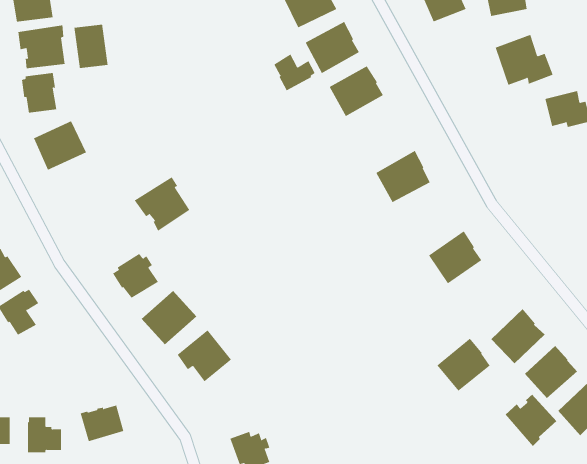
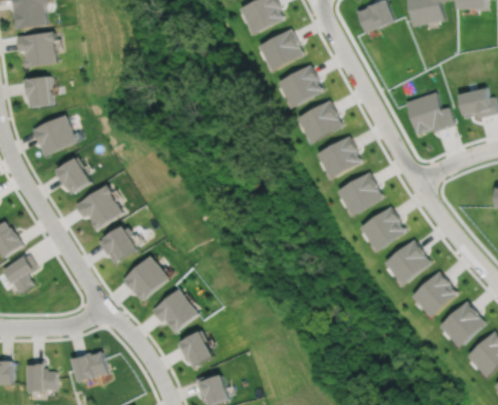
building: [74,24,108,69] -> none
building: [495,34,553,86] -> [406,93,455,136]
building: [273,54,315,91] -> none
building: none -> [298,103,343,146]
building: none -> [53,155,90,193]
building: [134,176,190,231] -> [73,183,120,229]
building: none -> [338,170,383,214]
building: [437,338,490,392] -> [386,239,431,284]
building: none -> [176,331,212,367]
building: [505,394,557,447] -> none

